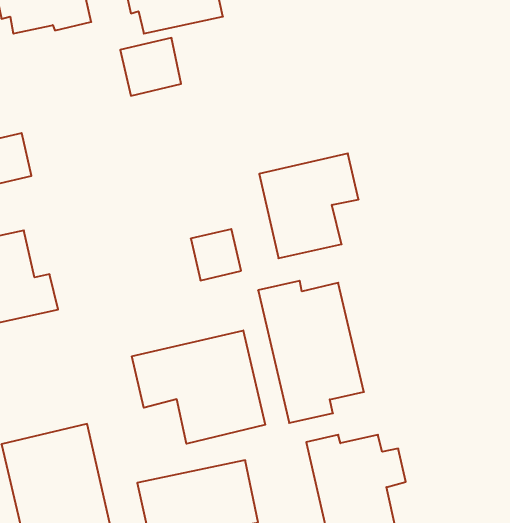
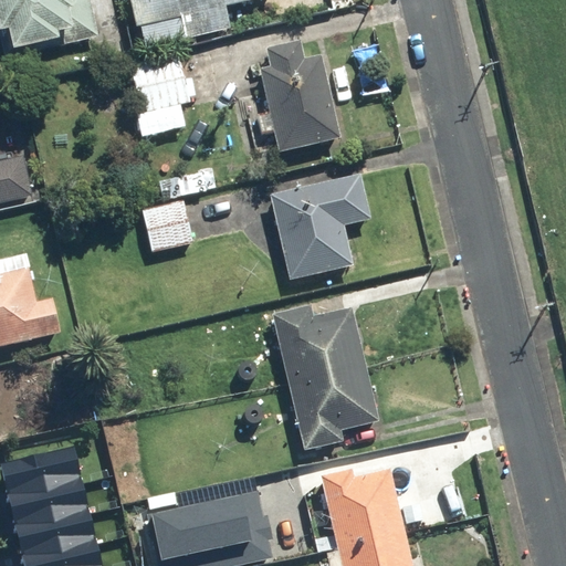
building: none -> [256,40,343,153]
building: [191,229,241,280] -> [142,199,193,252]
building: [132,330,265,444] -> none

